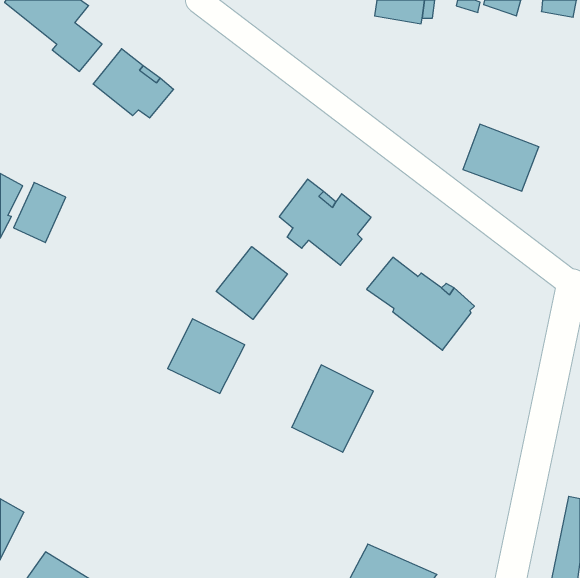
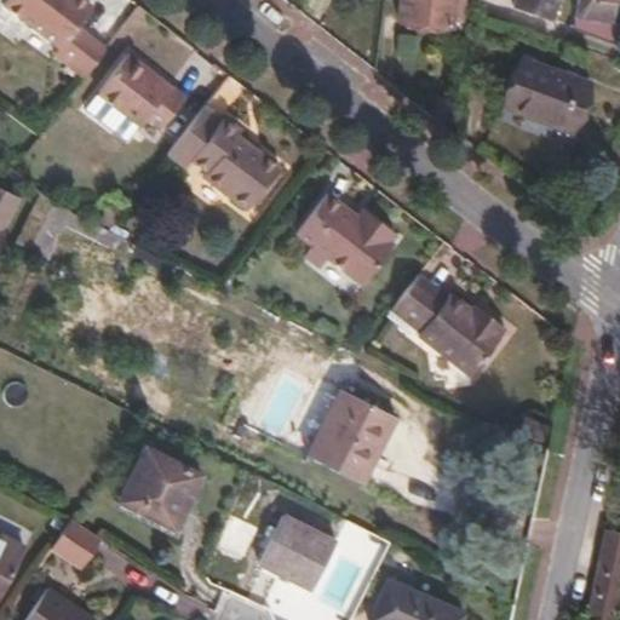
building: none -> [168,104,280,208]
building: [463,124,539,191] -> [507,59,589,131]
building: [216,247,287,319] -> none
building: [168,319,245,393] -> [122,449,205,529]
building: none -> [50,518,102,570]
building: none -> [262,519,337,589]

